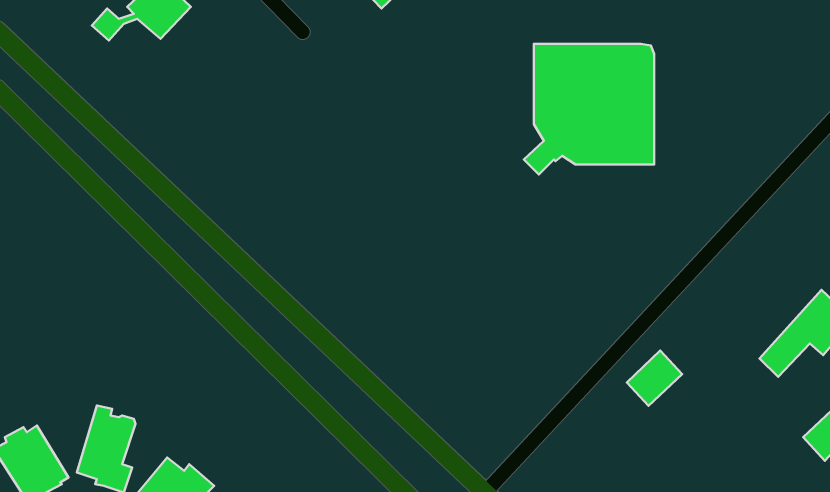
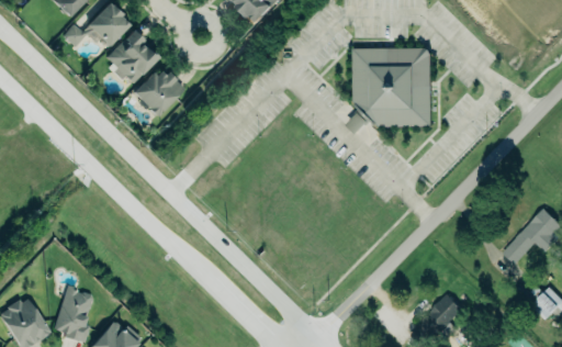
building: none -> [108,27,158,80]
building: none -> [133,68,184,115]
building: [627,351,682,406] -> [425,295,461,332]

